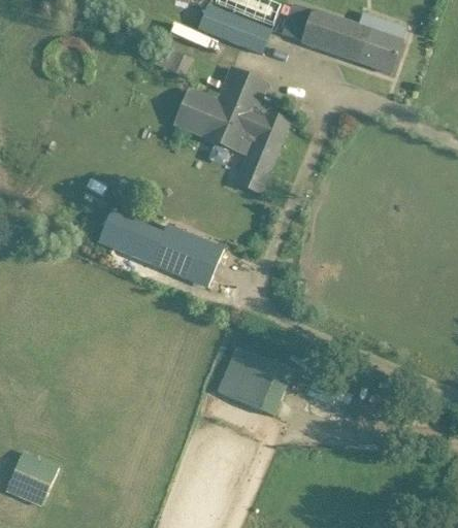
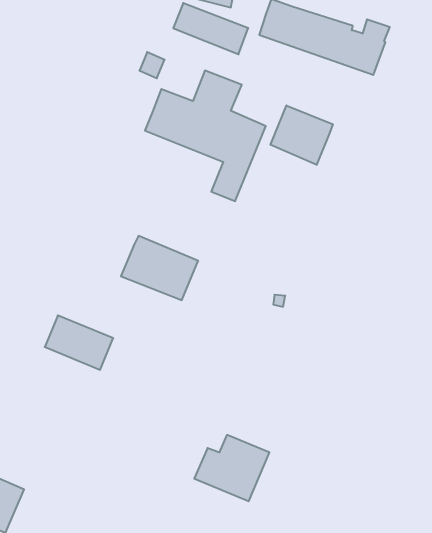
building: none -> [271,105,333,165]
building: [97,211,162,263] -> [45,315,113,370]
building: [221,352,292,415] -> [194,435,269,501]

